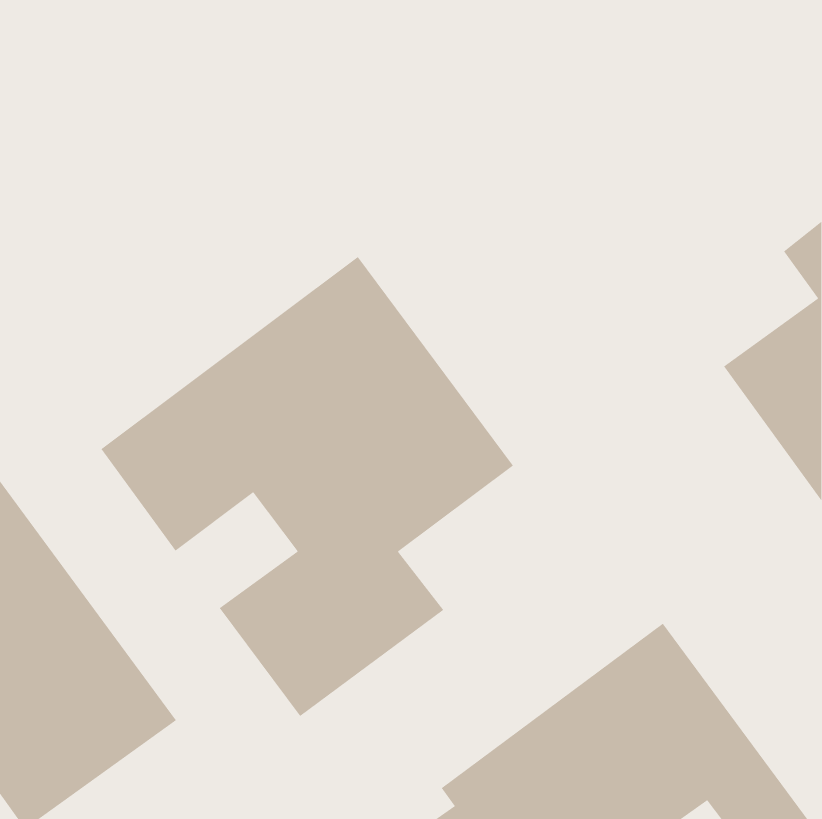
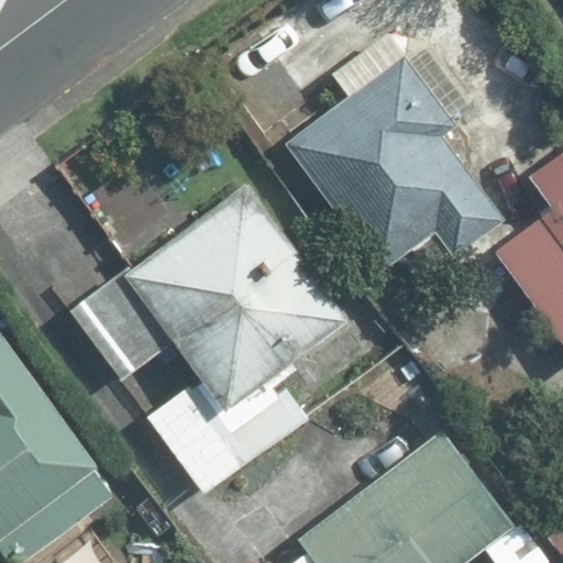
building: none -> [288,59,504,272]

